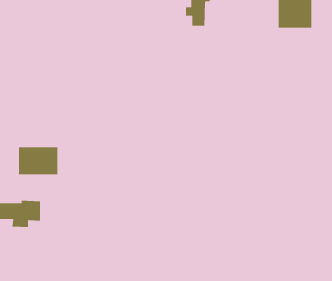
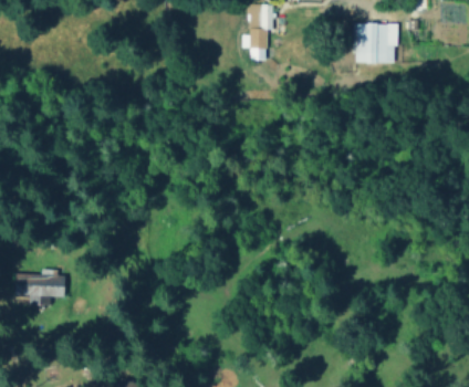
building: [18,147,58,175] -> none

